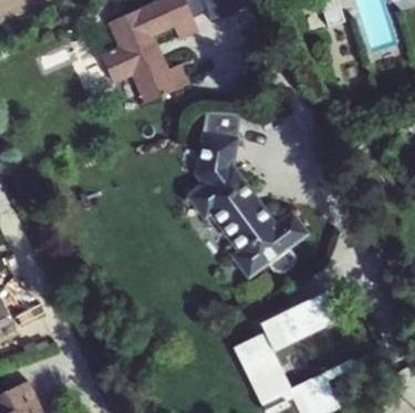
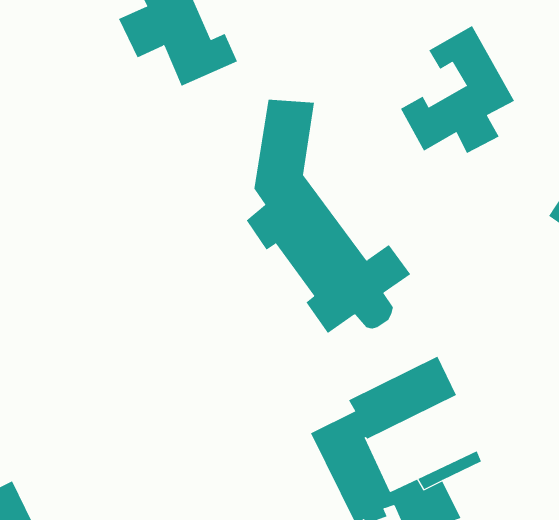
building: none -> [400,25,515,154]

